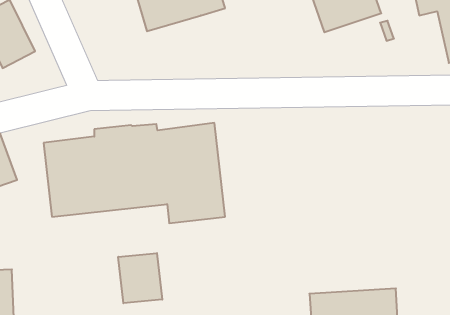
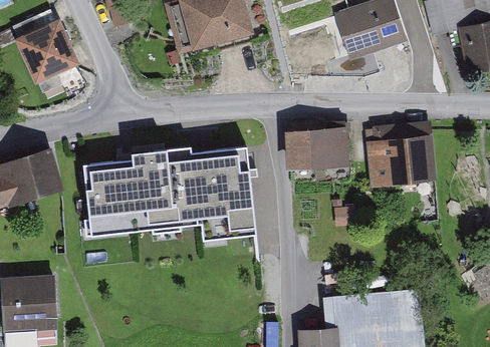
building: none -> [293,131,341,172]
building: none -> [366,131,435,185]
building: [118,253,162,303] -> none

